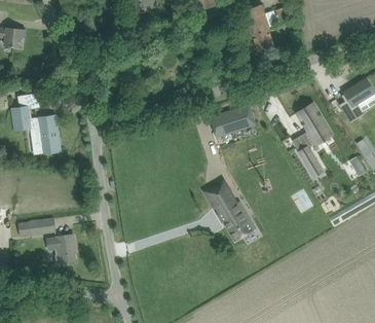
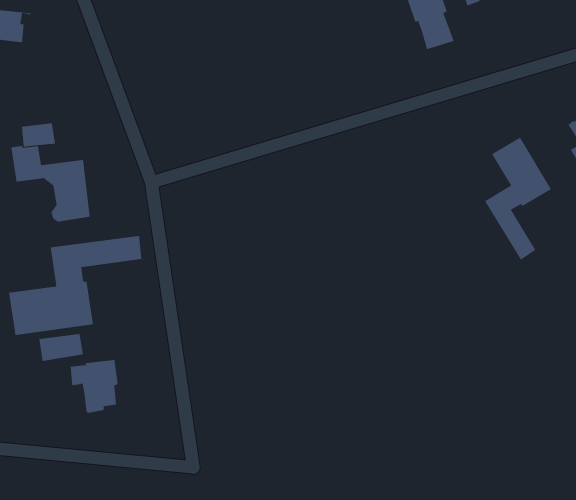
building: [210,104,256,138] -> none
building: none -> [9,235,142,336]
building: [204,188,256,241] -> none

